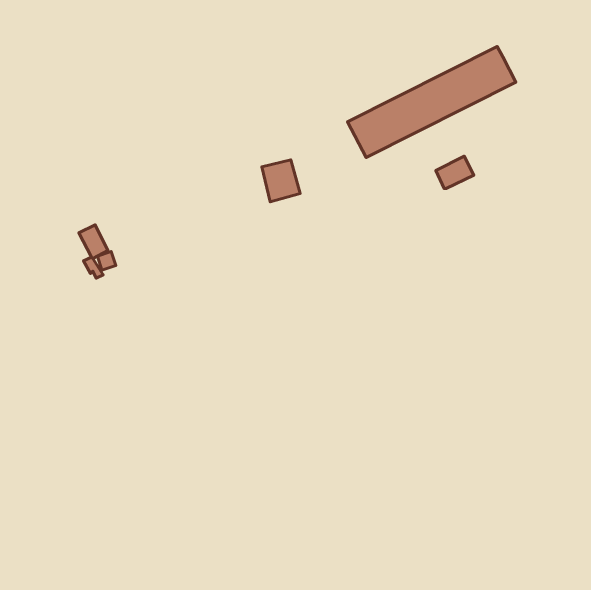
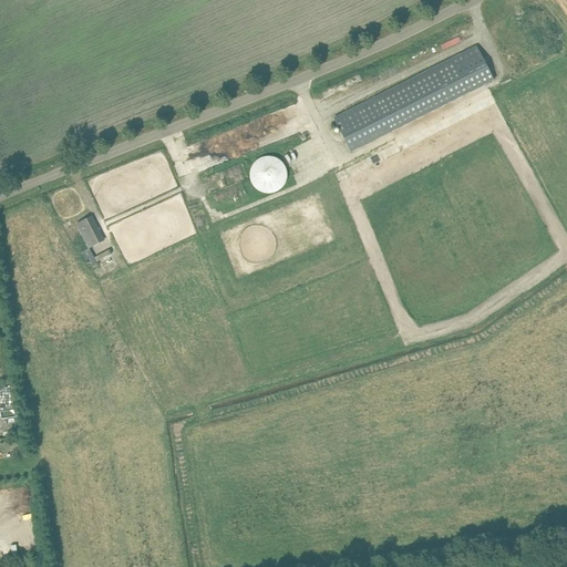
building: [436,156,474,189] -> none

